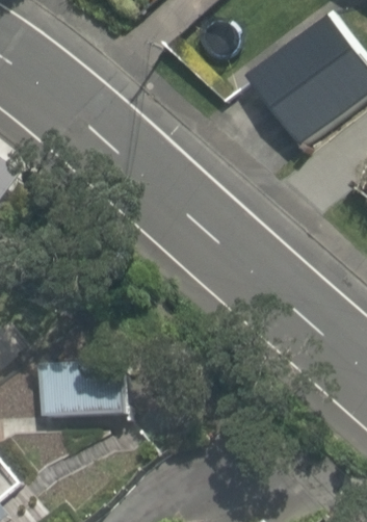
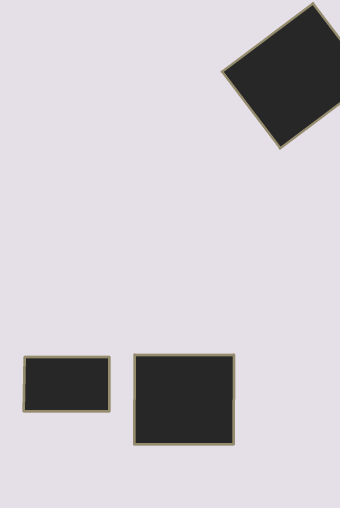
building: none -> [134,355,234,444]

